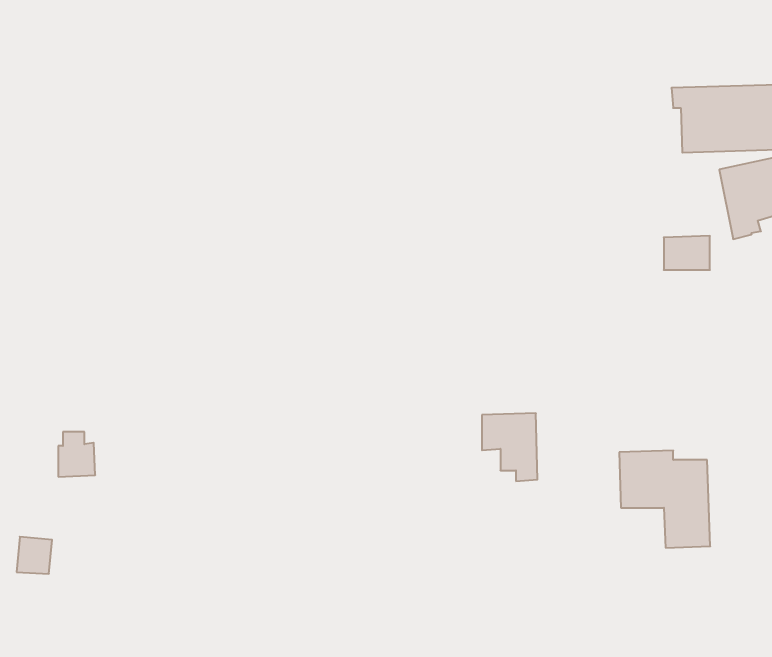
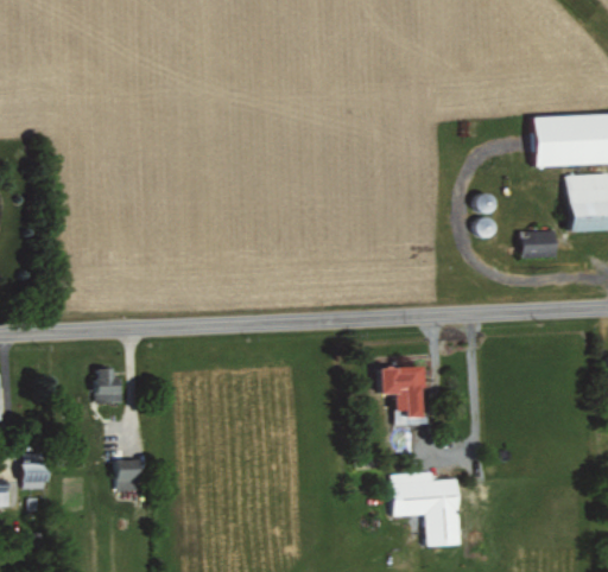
building: [58,432,95,477] -> [94,369,122,403]
building: [619,451,710,548] -> [391,472,461,547]
building: none -> [116,460,141,490]

